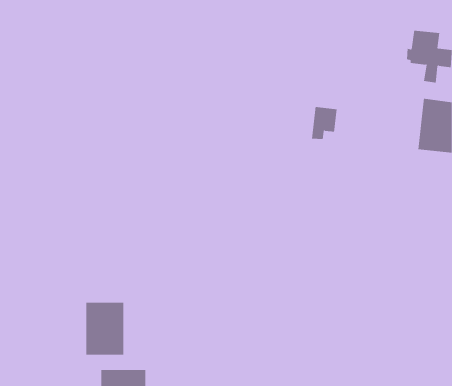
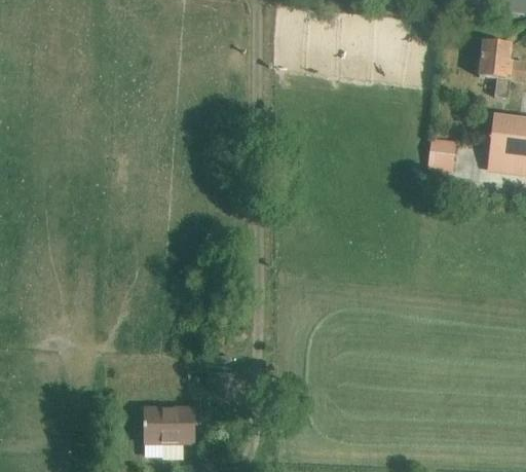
building: [311,106,338,140] -> [426,137,455,173]
building: [86,302,124,356] -> none

